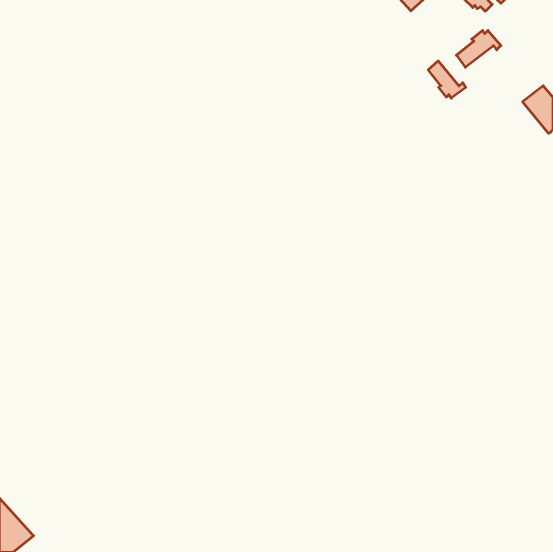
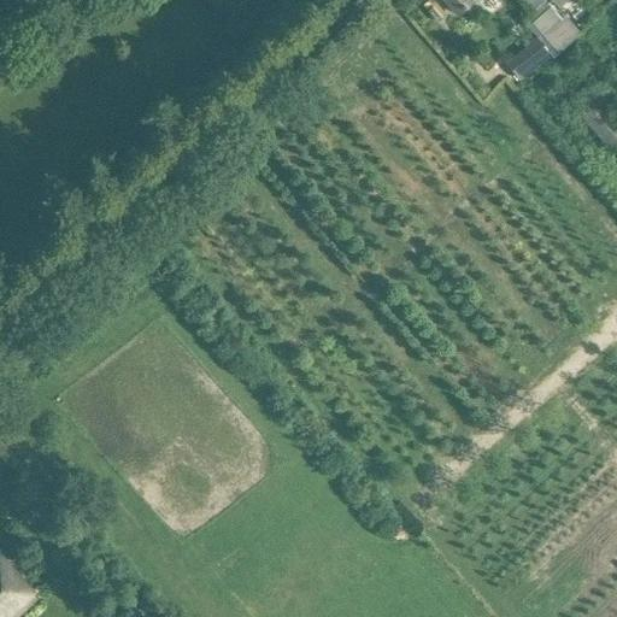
building: none -> [530,12,575,51]
building: [428,61,466,98] -> none

